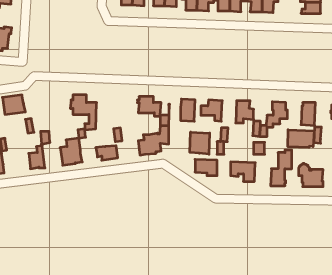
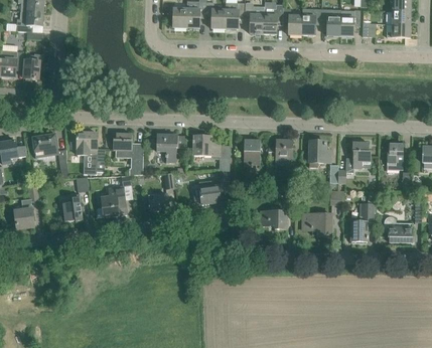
building: none -> [77,133,105,171]
building: none -> [156,135,178,161]
building: [288,130,314,147] -> none
building: [190,132,210,154] -> none

